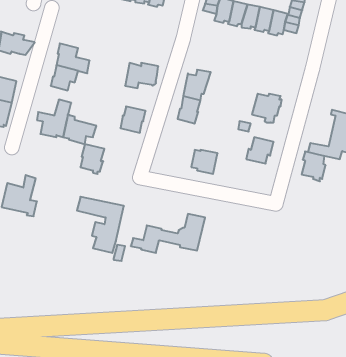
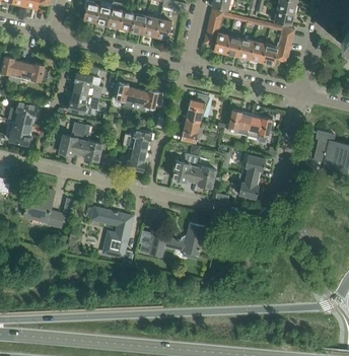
building: none -> [115,82,138,110]
building: none -> [227,109,252,135]
building: none -> [172,153,199,182]
building: [80,144,104,174] -> [126,147,147,173]
building: [302,151,326,181] -> [238,174,260,201]

